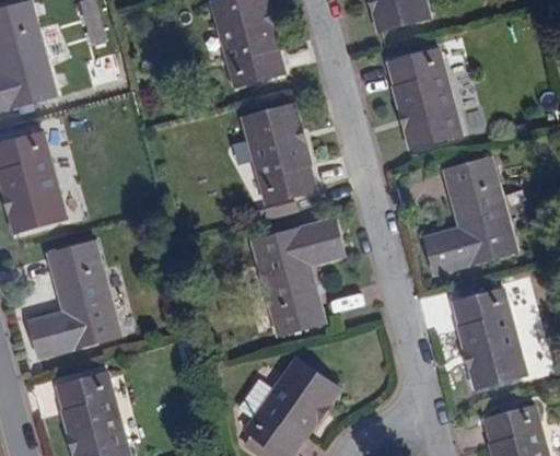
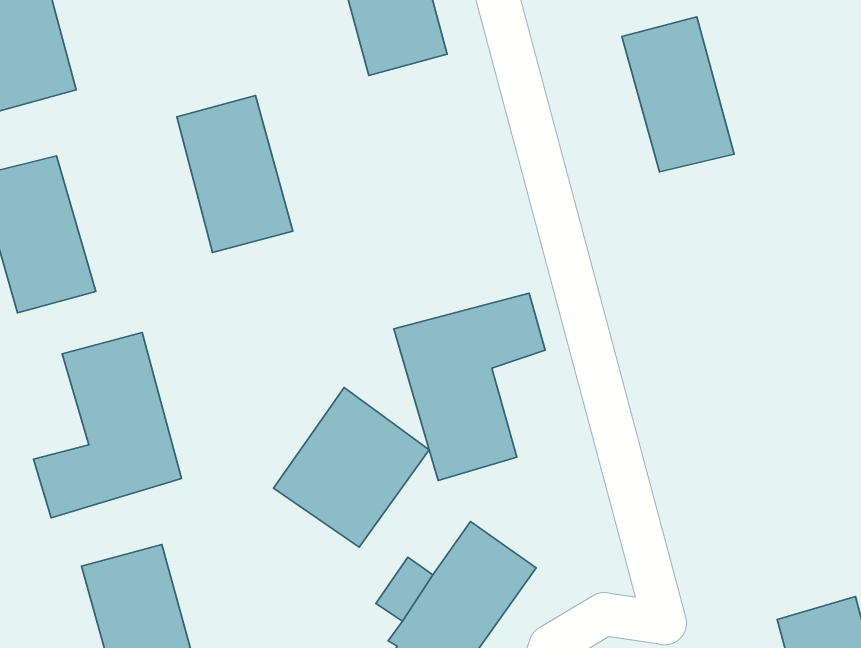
building: [244,106,315,202] -> [177,95,293,252]
building: [427,159,516,273] -> none
building: none -> [274,388,429,547]
building: [454,291,525,387] -> none

